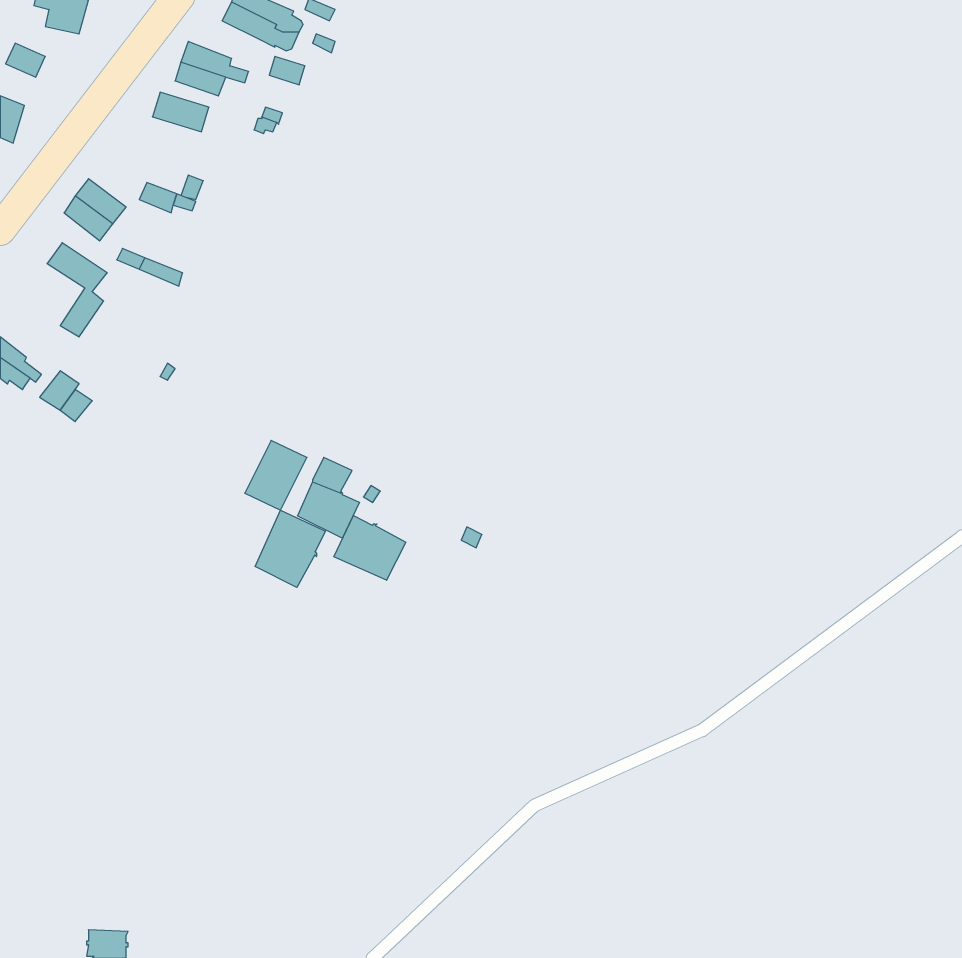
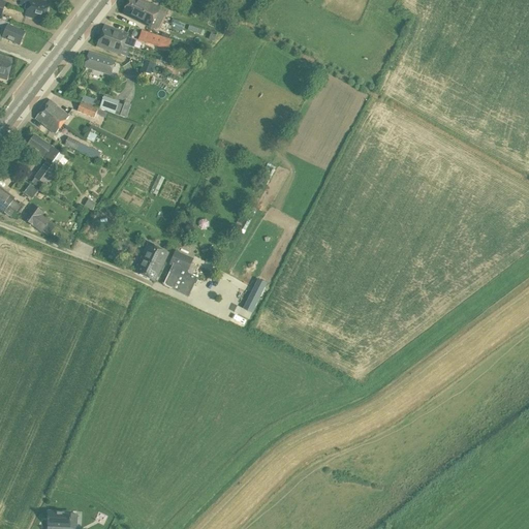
building: [255,510,325,587] -> none
building: [334,516,406,580] -> none

